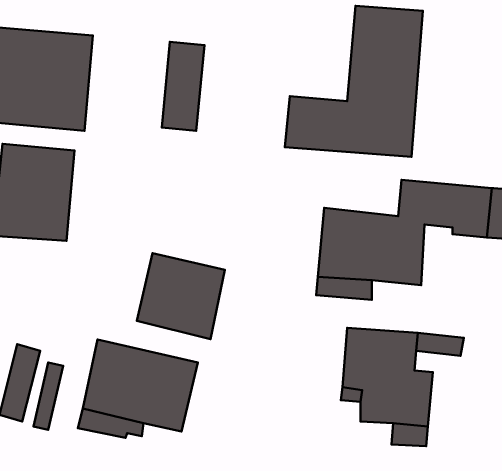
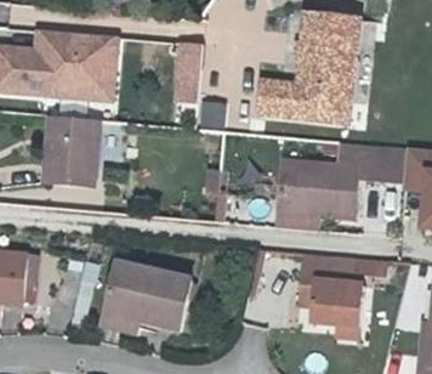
building: [137,253,225,339] -> none

